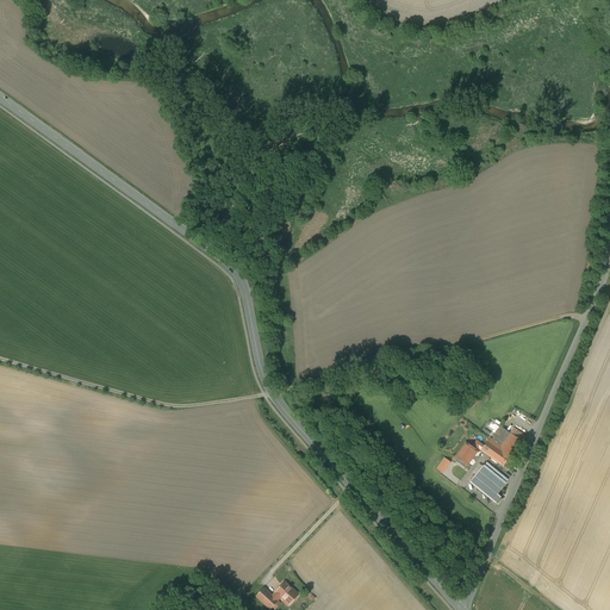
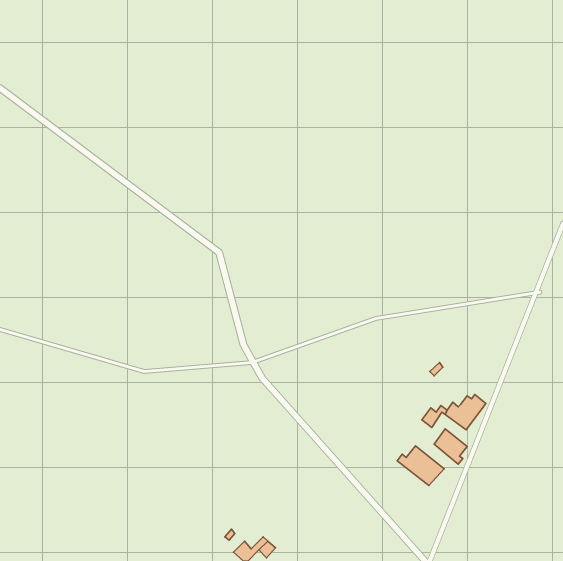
building: none -> [397,446,444,486]

